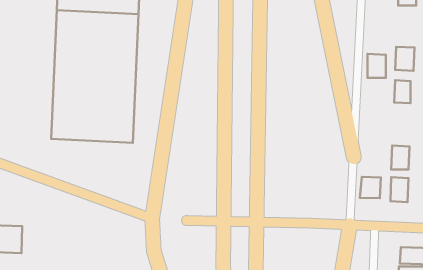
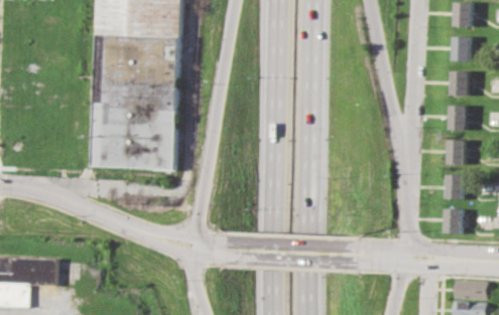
building: [367,54,386,78] -> [451,37,470,62]
building: none -> [448,140,465,164]
building: [360,177,381,198] -> none

